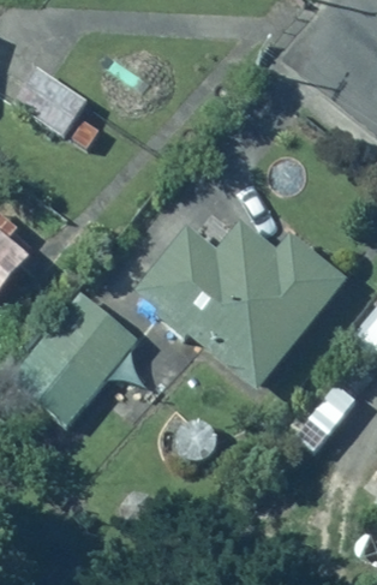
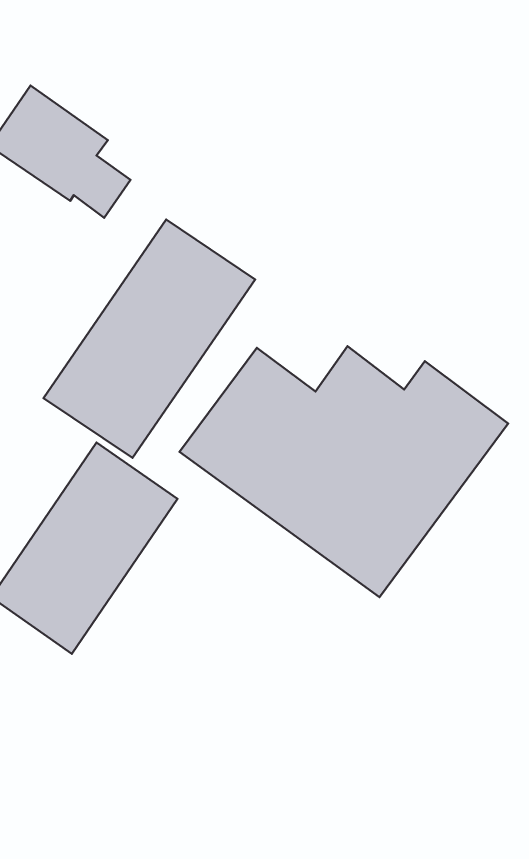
building: none -> [44,220,255,458]

